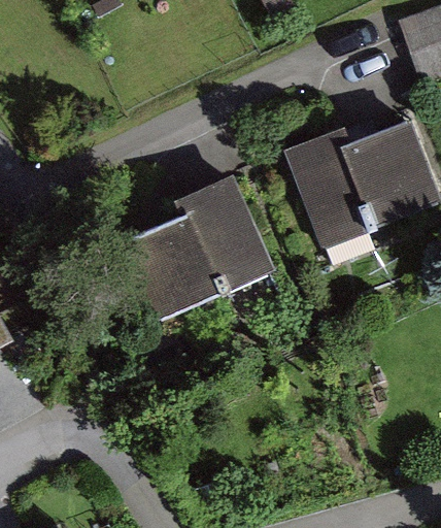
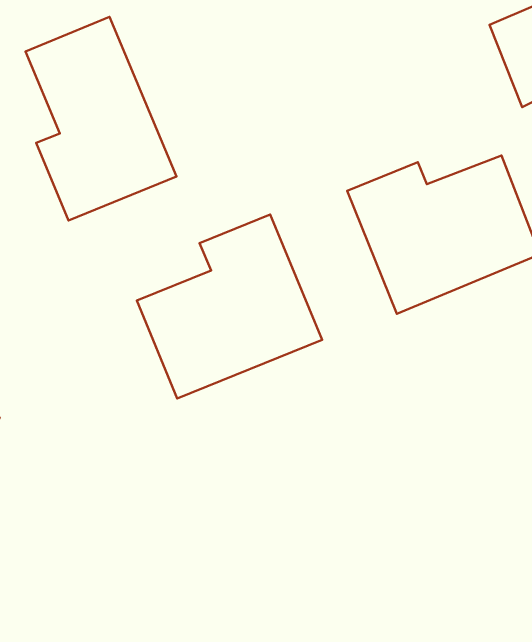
building: none -> [26,17,177,221]

